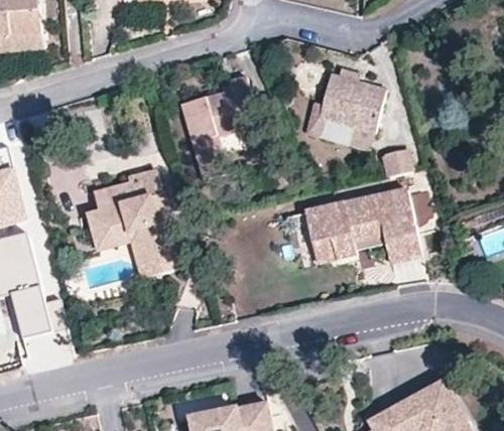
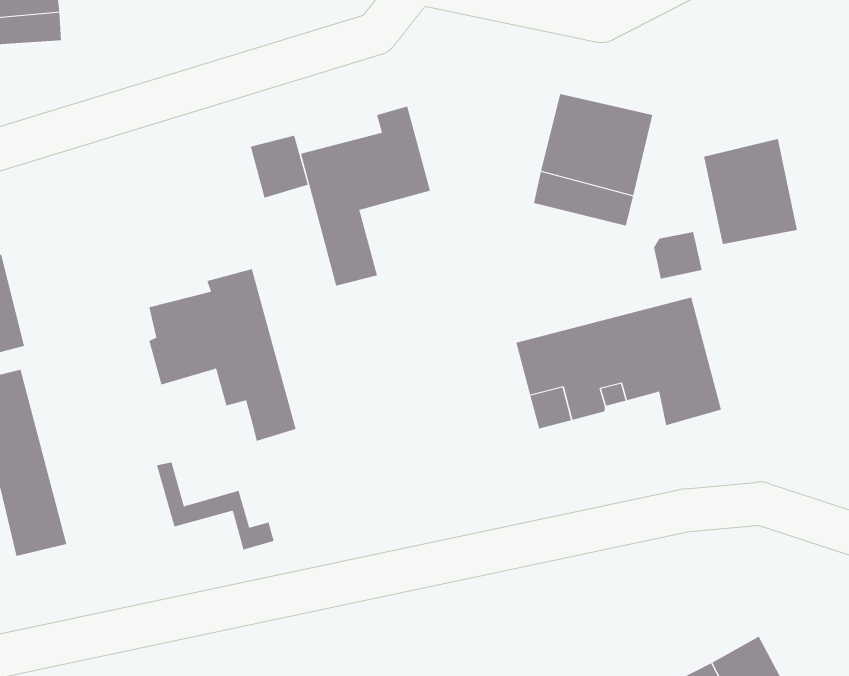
building: none -> [250,135,309,199]
building: none -> [703,138,797,245]
building: [85,212,152,263] -> [156,462,275,550]

